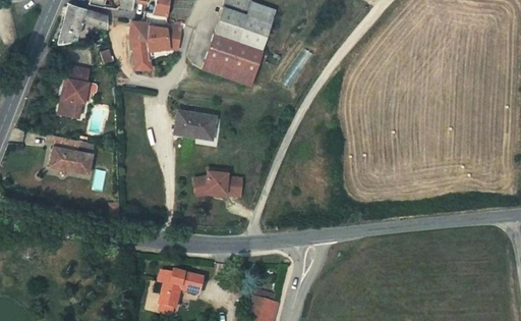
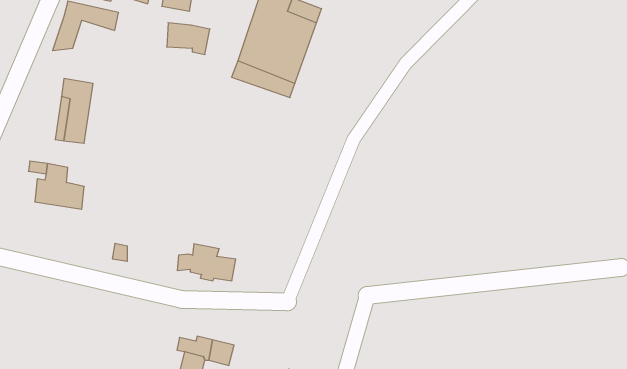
building: [127,18,152,65] -> none
building: [172,110,212,136] -> none
building: [197,167,244,197] -> [177,244,236,281]

